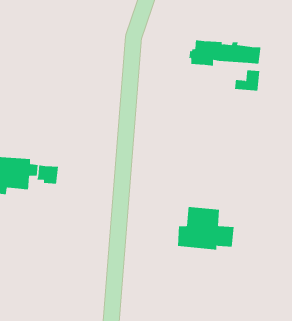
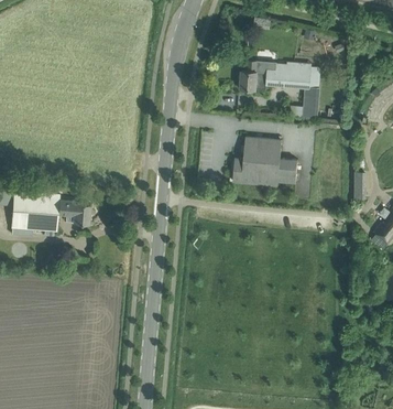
building: [177,206,234,250] -> [232,137,297,186]

